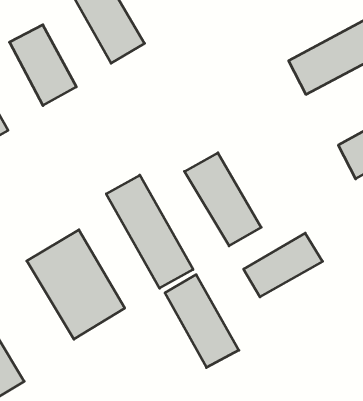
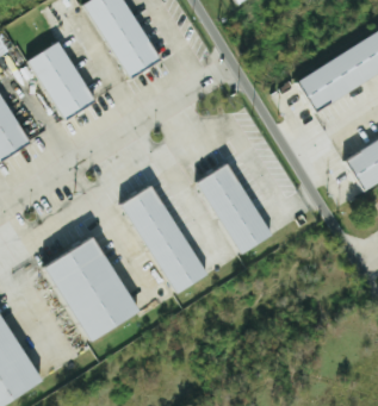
building: [244,233,323,297] -> none
building: [165,275,239,368] -> none

